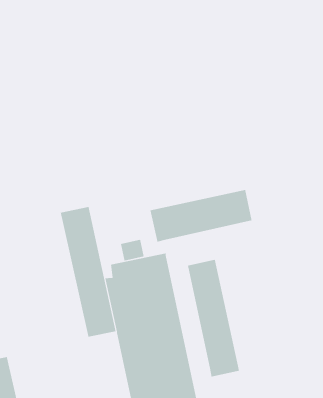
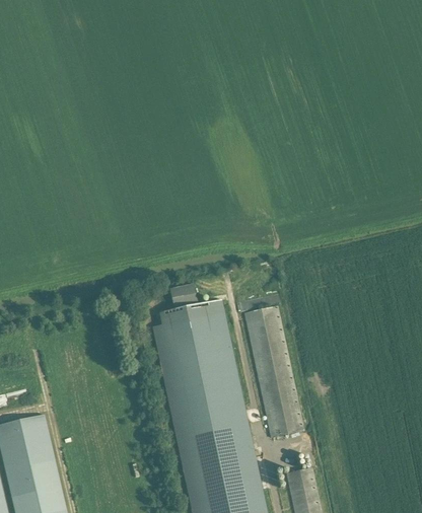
building: [150,189,252,243] -> none
building: [60,206,116,338] -> none

